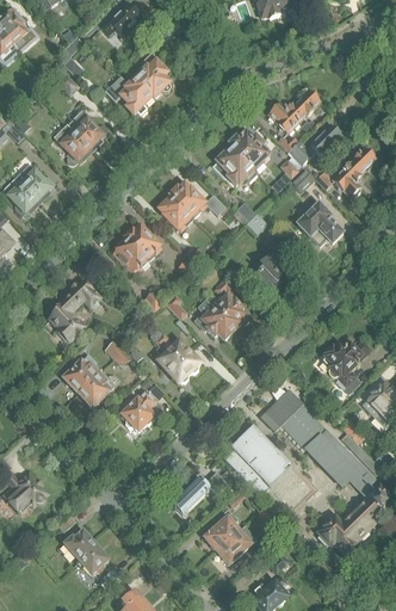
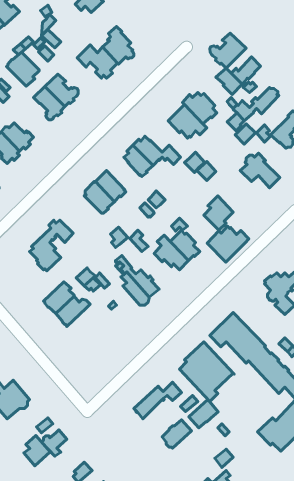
building: none -> [210,33,246,68]
building: none -> [7,52,39,86]
building: none -> [207,226,249,262]
building: [122,391,156,431] -> none
building: [216,530,250,563] -> [189,400,218,428]
building: [78,539,109,575] -> [24,435,50,466]

